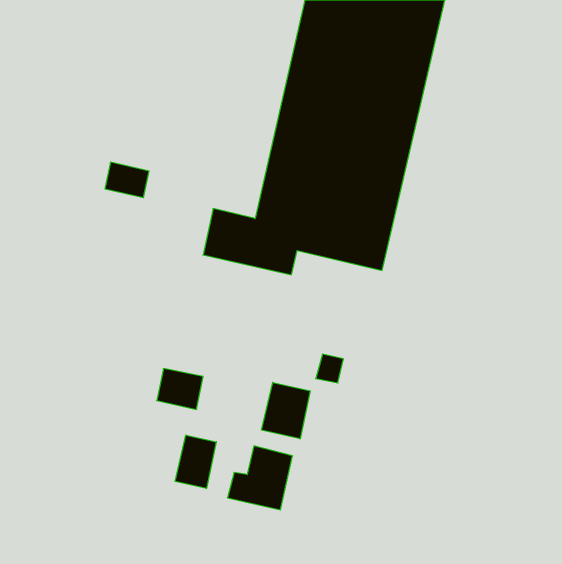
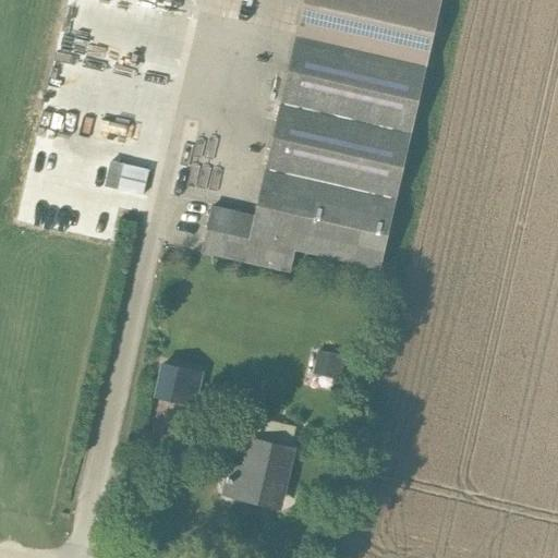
building: [262,382,310,439] -> none
building: [175,435,216,489] -> none

